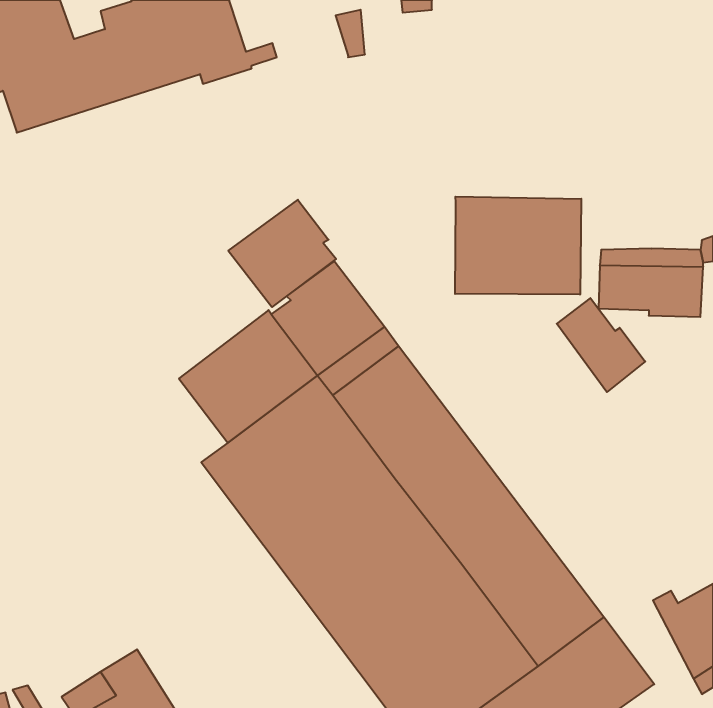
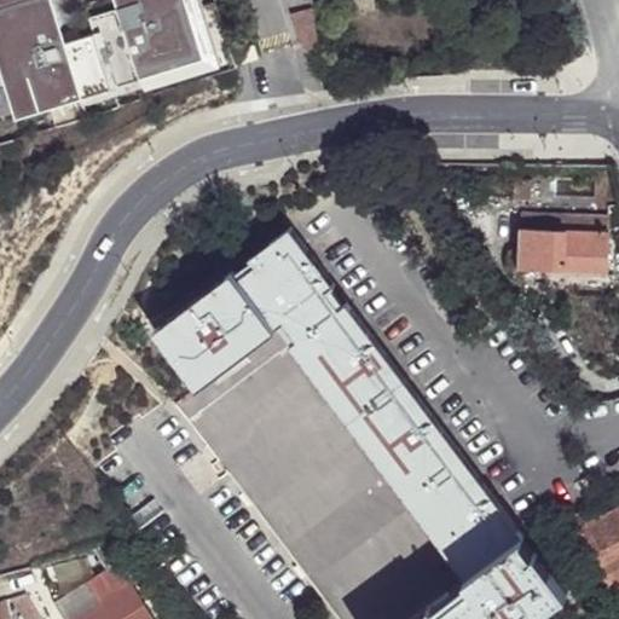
building: [455,197,581,295] -> none
building: [228,200,336,307] -> none
building: [557,298,645,392] -> none

